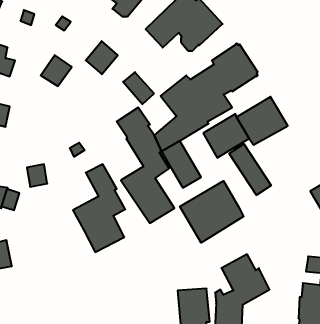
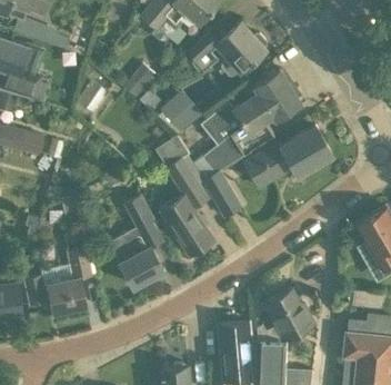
building: [229,144,271,195] -> none
building: [180,181,244,243] -> none
building: none -> [46,230,93,313]

